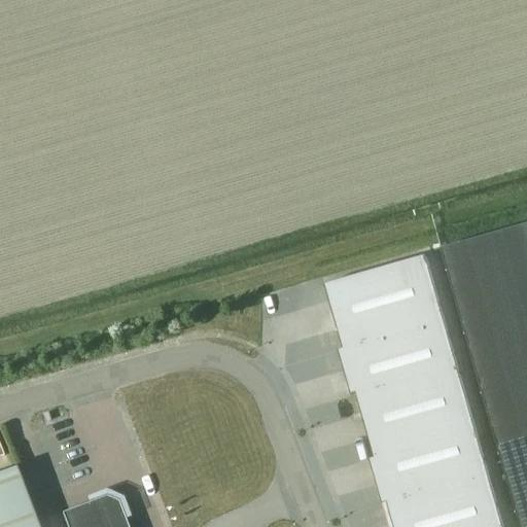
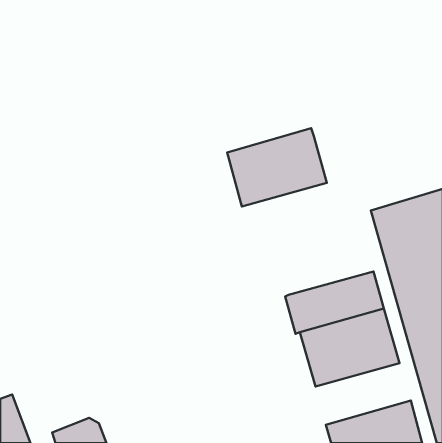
building: [326,257,445,350] -> [227,128,327,206]
building: [371,431,489,505] -> none

